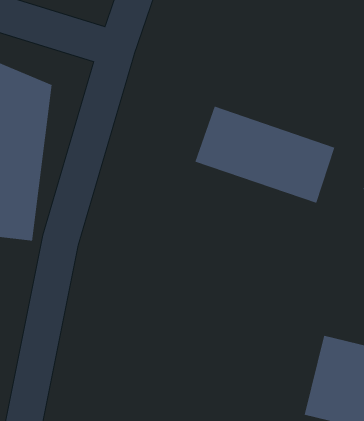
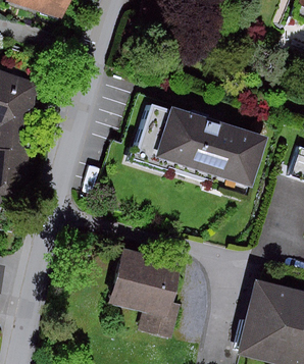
building: none -> [107,249,185,336]

